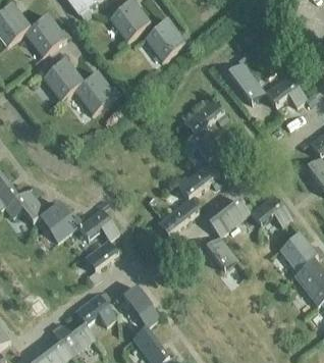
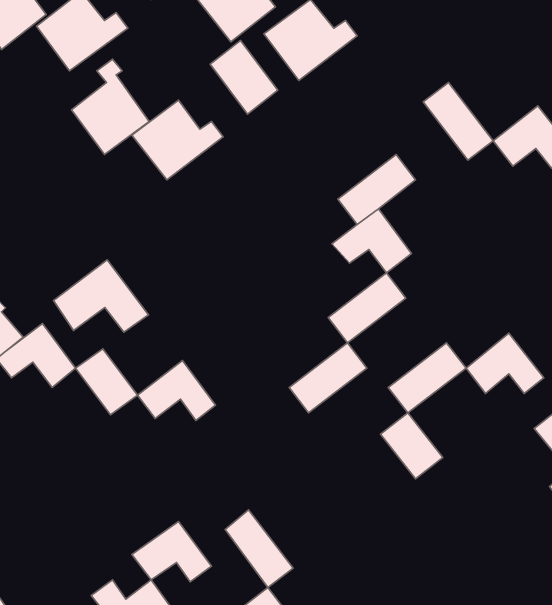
building: none -> [210,40,278,114]
building: none -> [54,260,149,332]
building: [84,239,118,269] -> none

